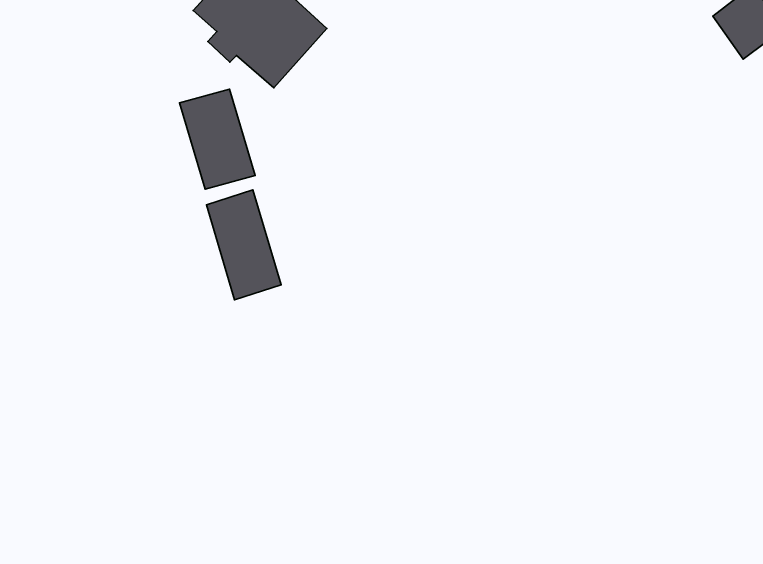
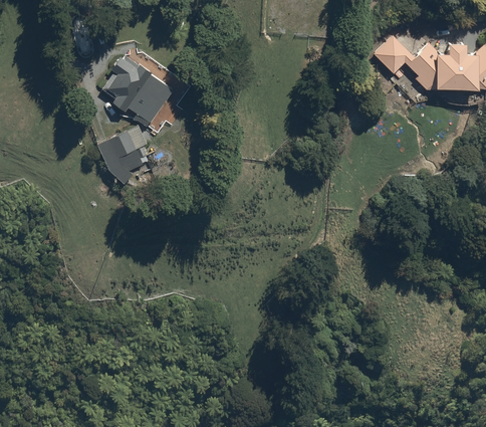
building: [206,190,281,300] -> none

